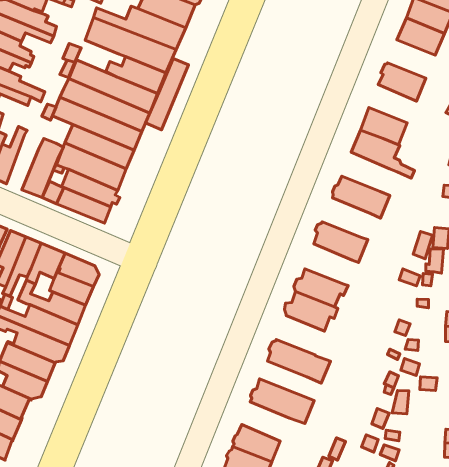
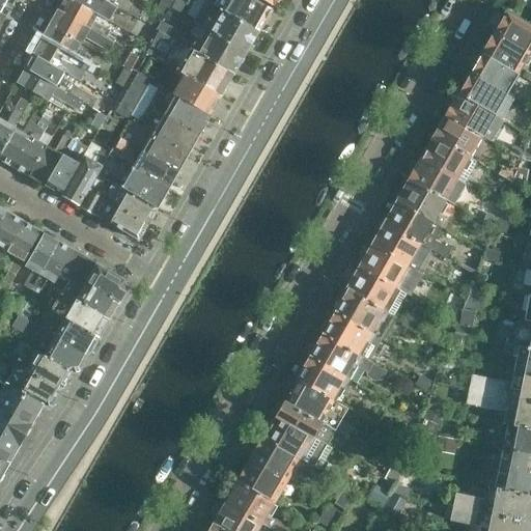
building: none -> [446,93,495,136]
building: [146,58,189,130] -> none
building: none -> [421,136,476,183]
building: none -> [47,139,84,194]
building: none -> [385,200,450,257]
building: none -> [359,244,418,292]
building: none -> [334,287,396,338]
building: none -> [296,356,351,399]
building: none -> [275,399,336,445]
building: none -> [251,438,300,481]

